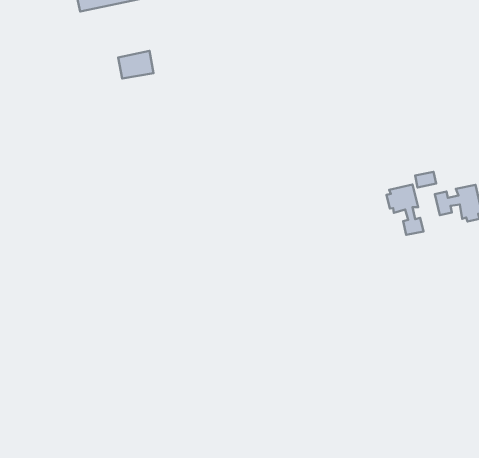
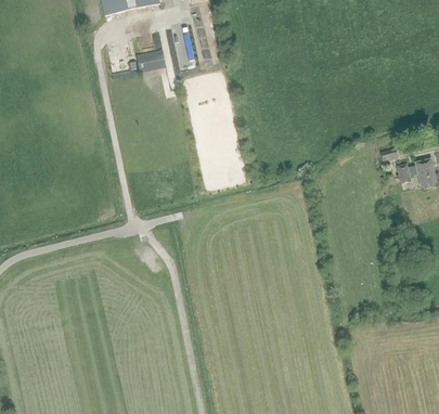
building: [387,184,423,235] -> none

